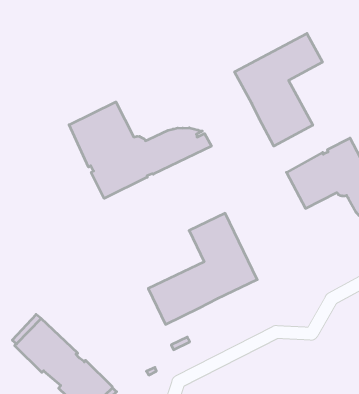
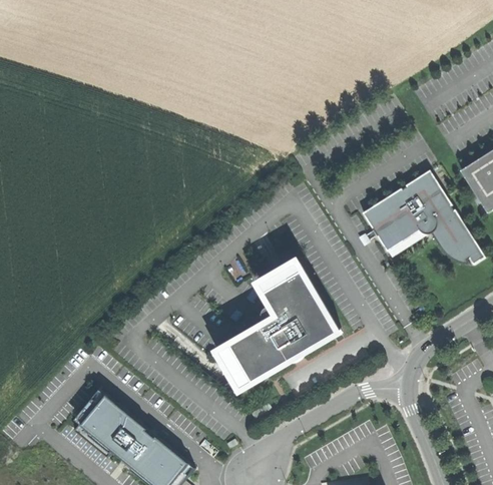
building: [235,33,322,146] -> none
building: [69,102,211,198] -> none

